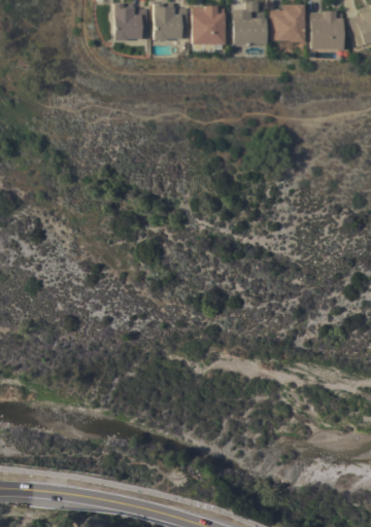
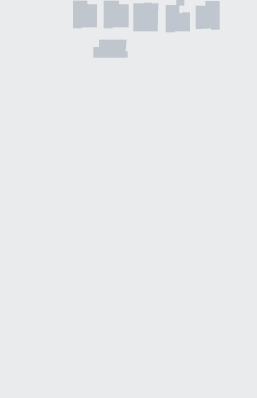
building: [310,11,343,49] -> none
building: none -> [93,39,128,59]

